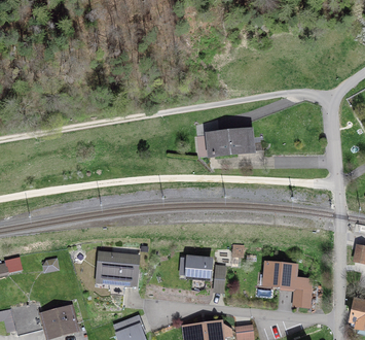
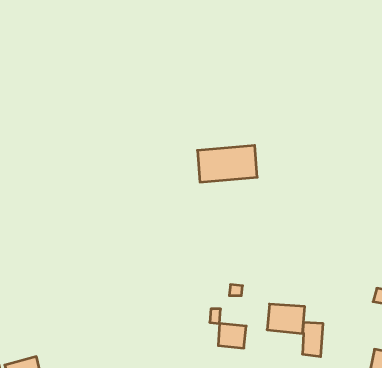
building: [99,252,137,285] -> none
building: [187,257,211,277] -> [218,324,246,348]

